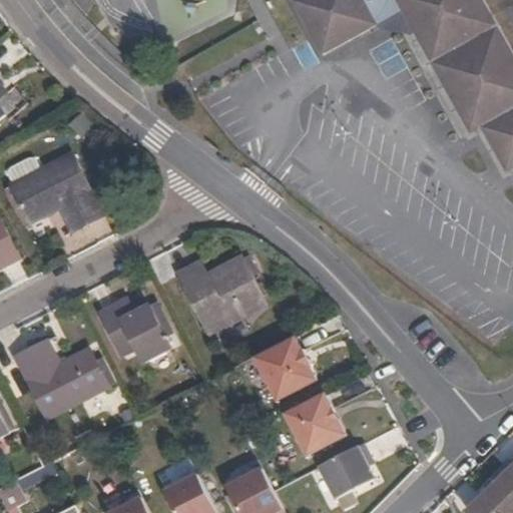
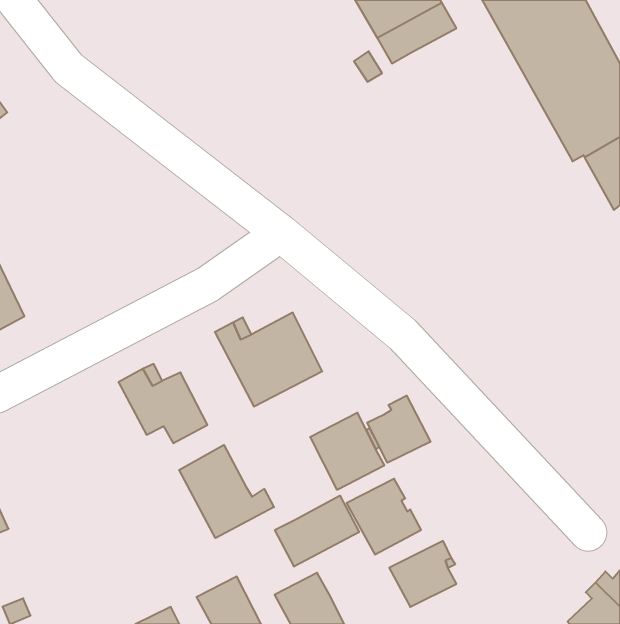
building: [8,153,103,233] -> none
building: none -> [367,396,430,463]
building: [14,340,108,420] -> none
building: none -> [179,445,274,538]
building: none -> [275,496,359,567]

